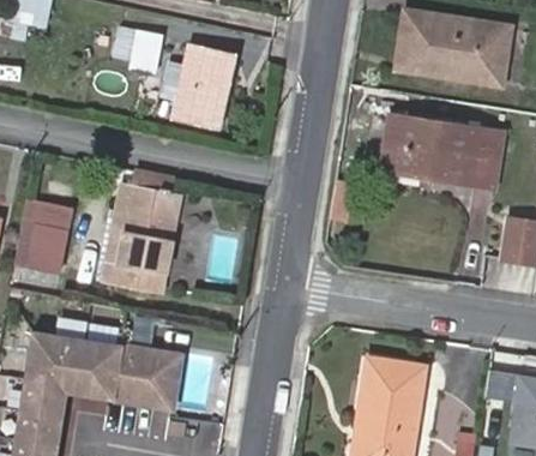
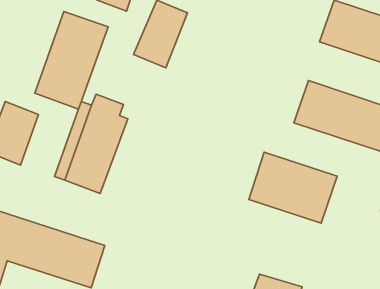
building: none -> [35,12,108,109]
building: none -> [249,152,337,223]

